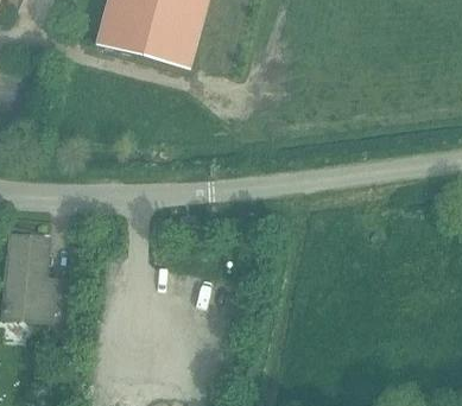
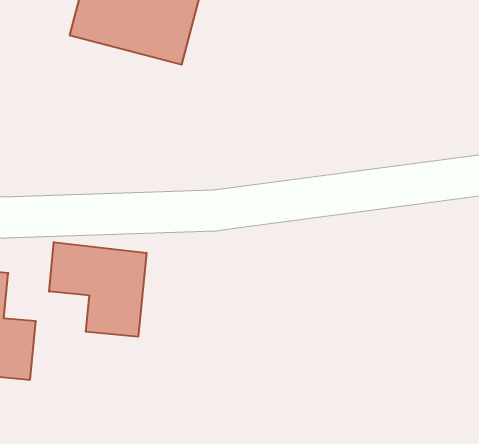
building: none -> [49,242,146,337]

